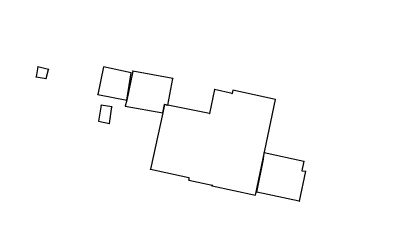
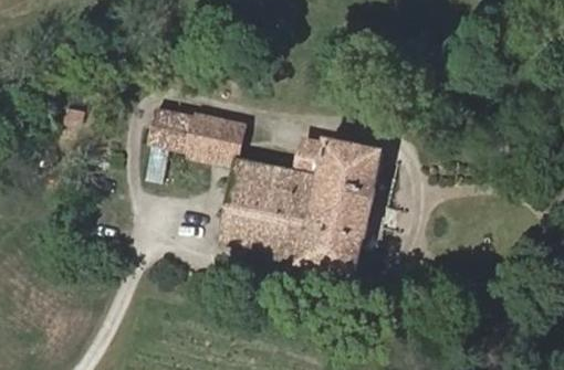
building: [257,153,306,201] -> none

